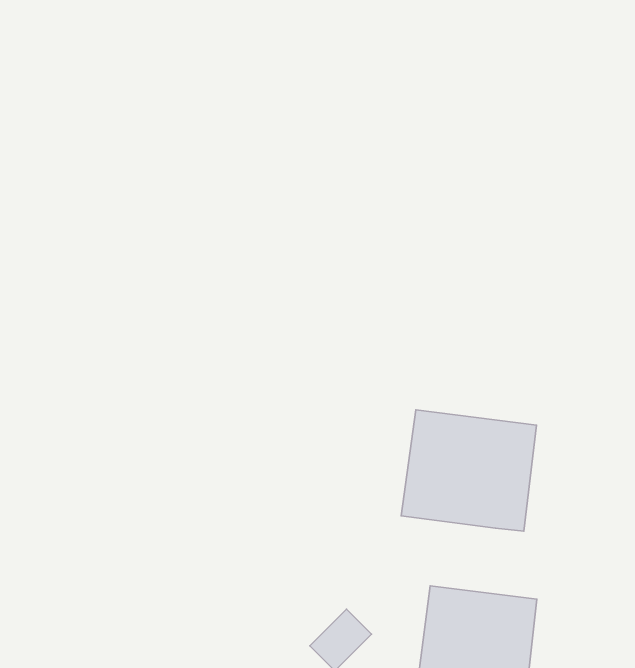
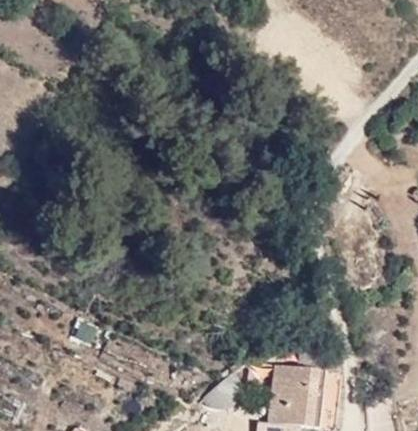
building: [401,410,537,531] -> none

